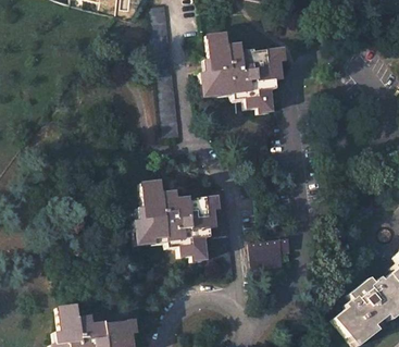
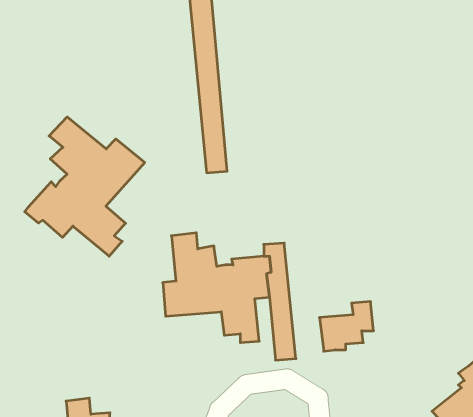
building: [199,26,282,109] -> none
building: none -> [25,117,145,256]

